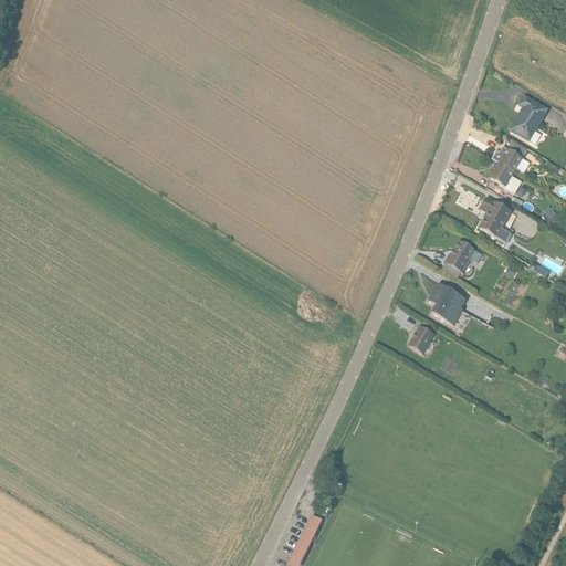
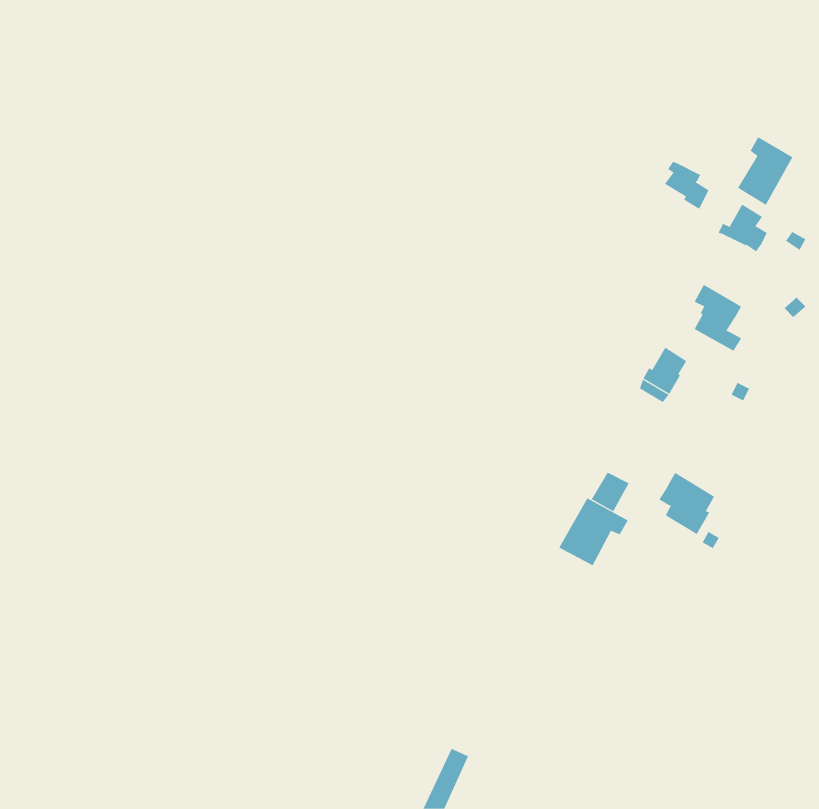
building: [490,160,521,193] -> [664,161,709,209]
building: [427,281,465,324] -> [659,472,715,535]
building: none -> [558,498,628,566]

